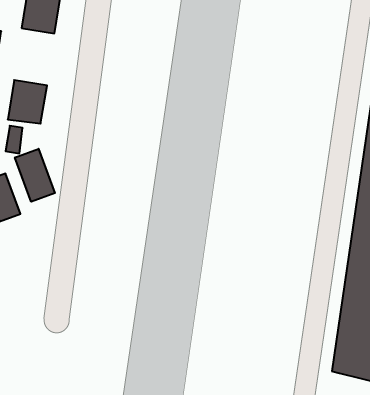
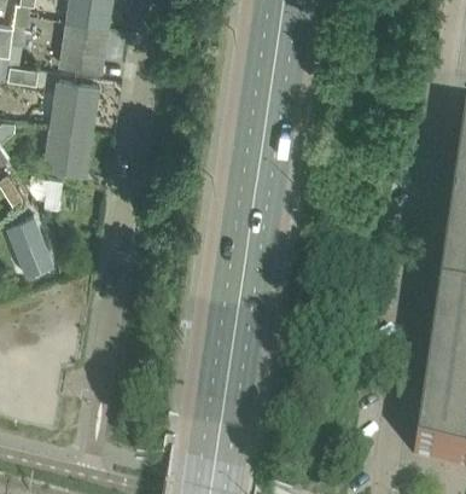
building: none -> [52,81,95,130]
building: [15,149,55,202] -> none

